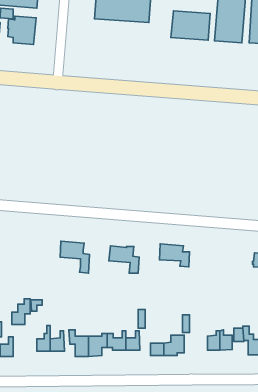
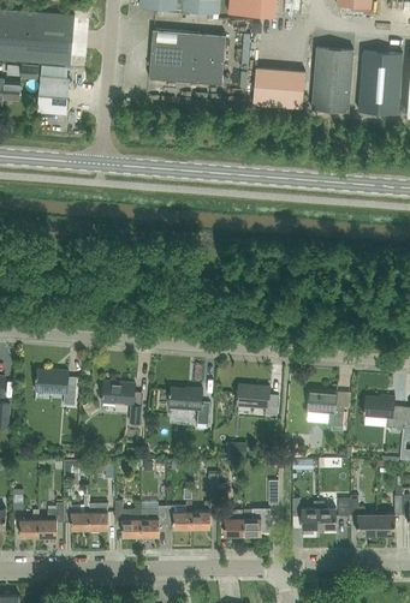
building: none -> [35,370,77,406]
building: none -> [308,390,344,426]
building: [12,299,30,325] -> [38,502,64,537]

